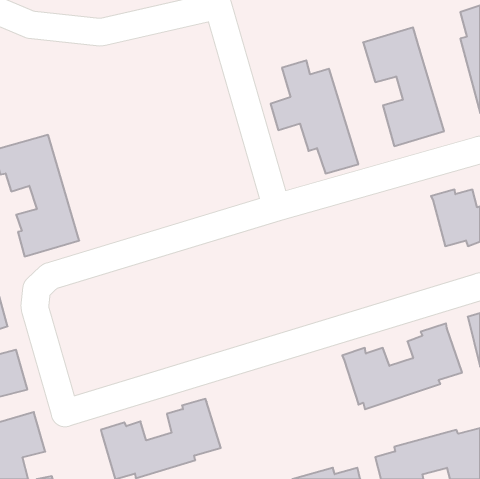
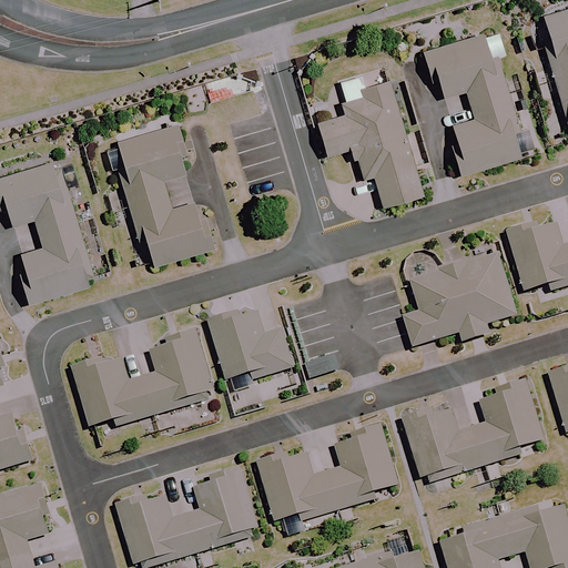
building: none -> [118,123,212,262]
building: none -> [405,252,515,344]
building: none -> [210,307,294,378]
building: none -> [75,335,214,424]
building: none -> [258,427,397,519]

